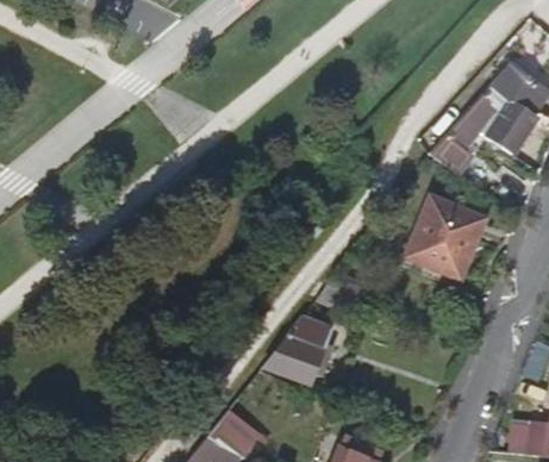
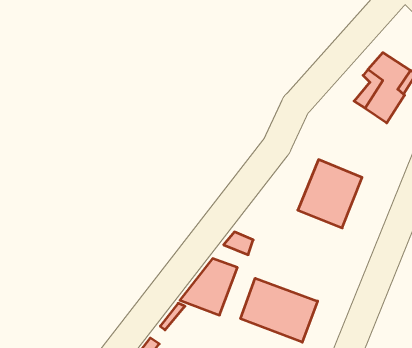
building: [429,95,493,169] -> none
building: none -> [241,278,318,342]

